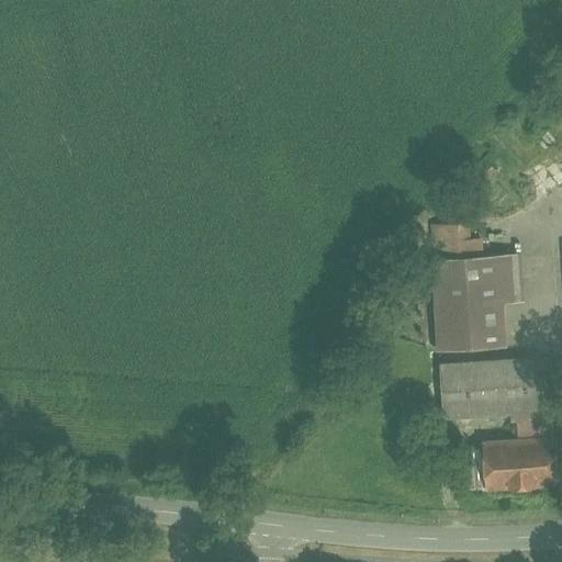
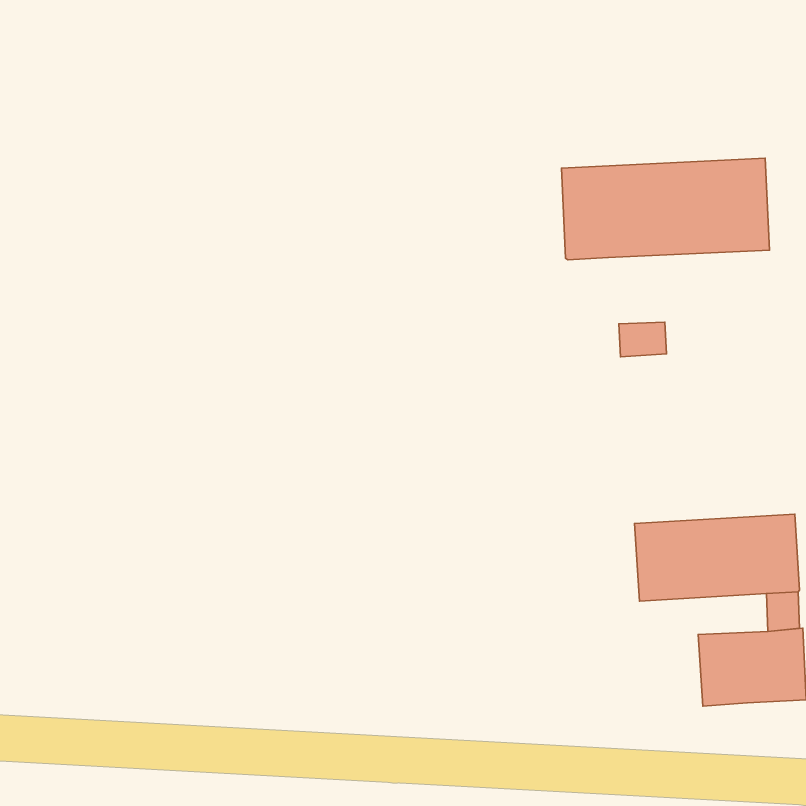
building: none -> [562,158,769,260]
building: [434,256,512,351] -> none

